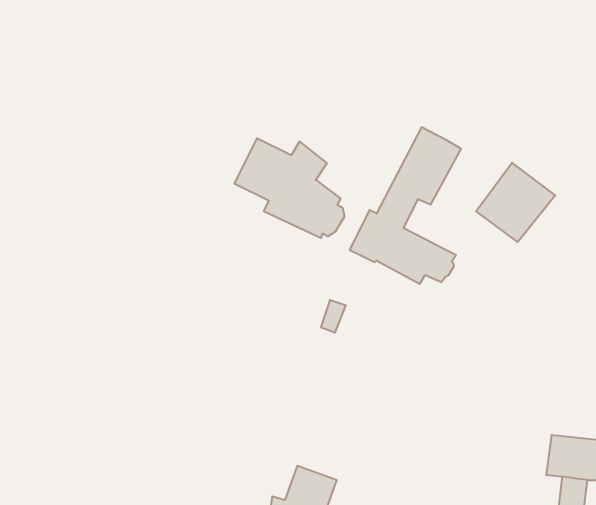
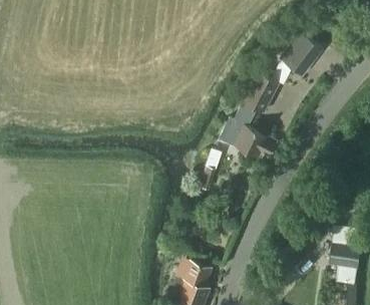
building: [234,138,345,238] -> none
building: [476,163,555,242] -> [280,32,324,76]

